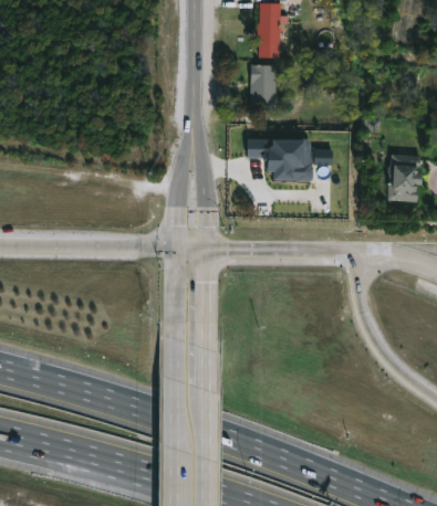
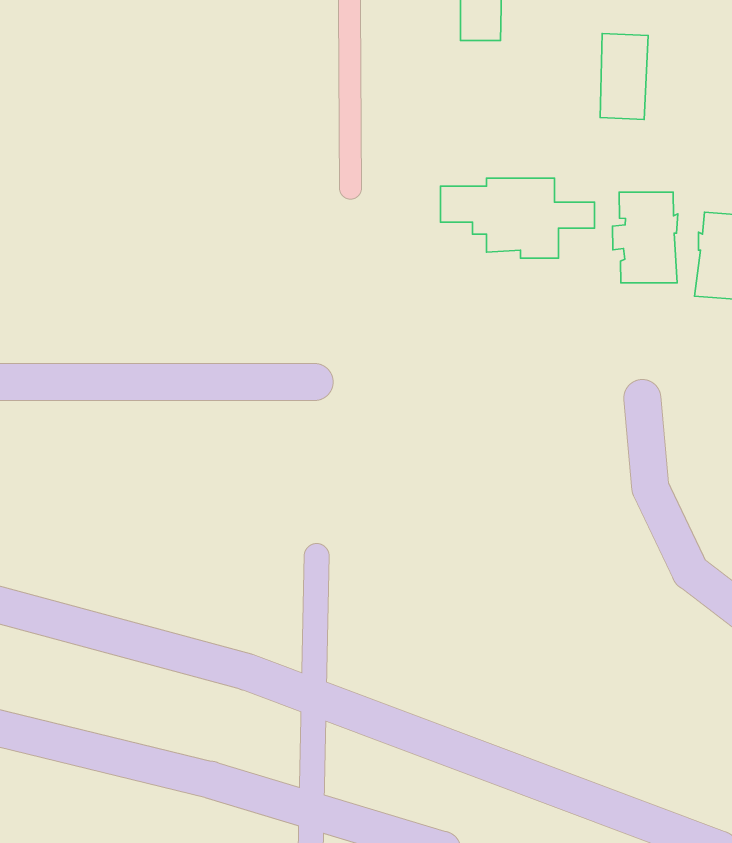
building: [249,64,275,112] -> [600,34,648,119]
building: none -> [613,192,678,283]

